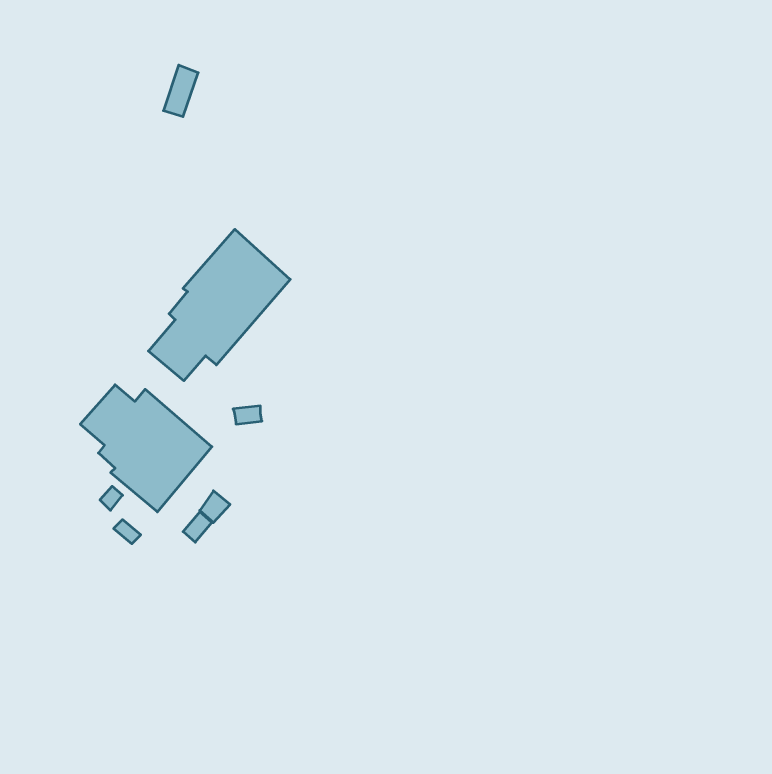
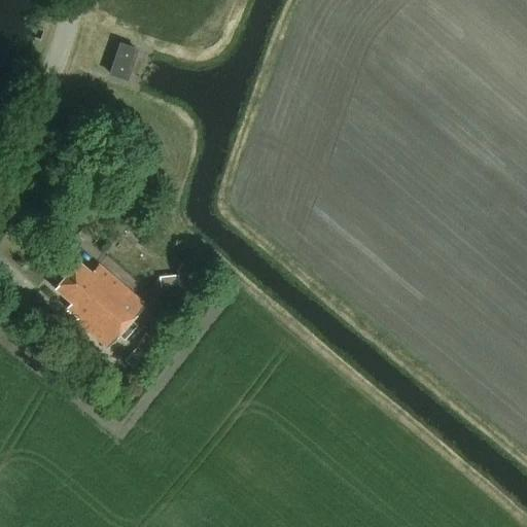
building: [148,229,290,381] -> none

